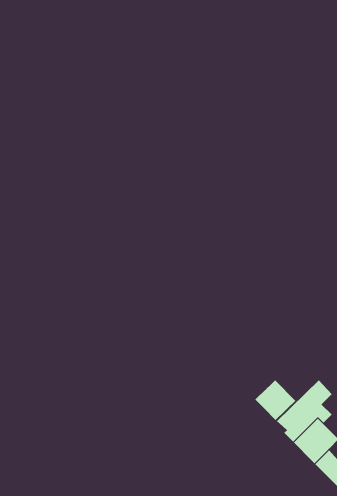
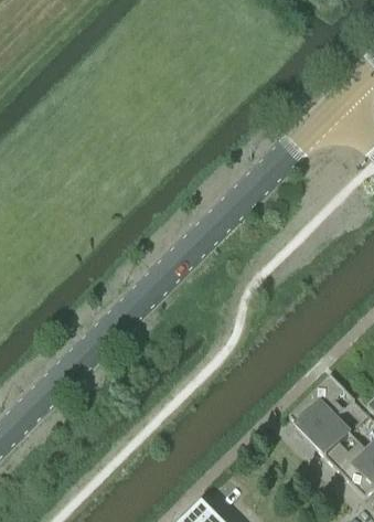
building: [255,379,296,421] -> none

